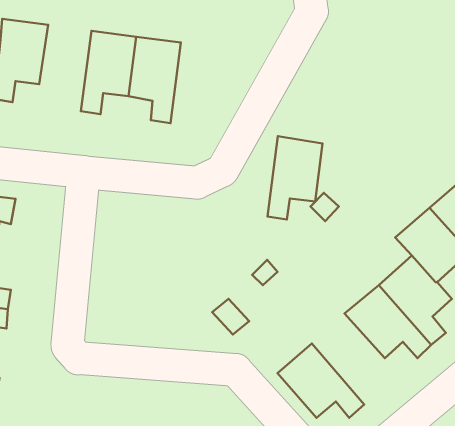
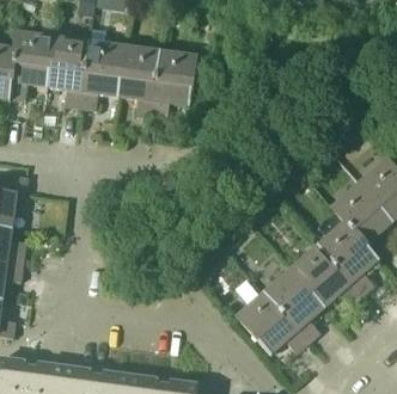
building: none -> [45,36,87,105]
building: [268,136,323,219] -> [151,50,195,117]
building: none -> [264,267,323,340]

